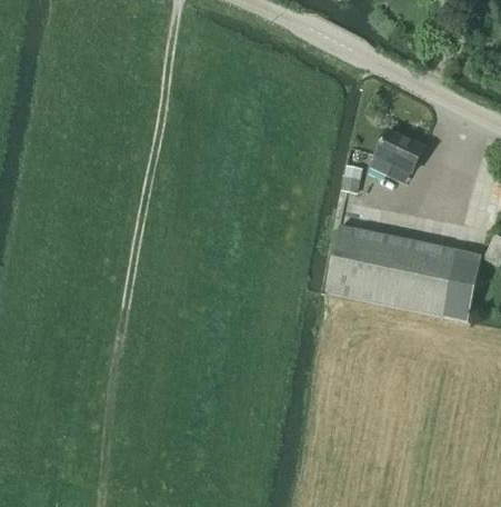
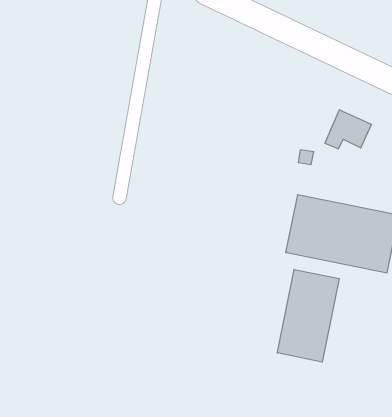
building: none -> [277,269,339,362]

